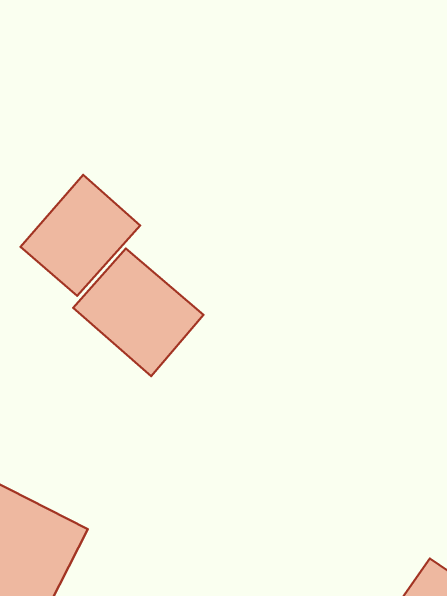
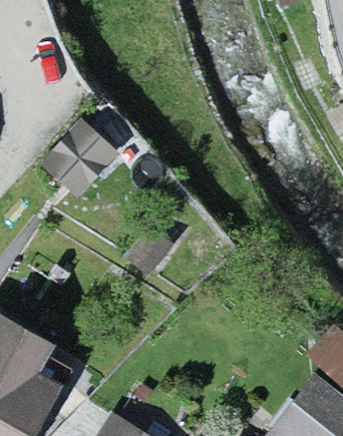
building: [73,248,203,376] -> none

